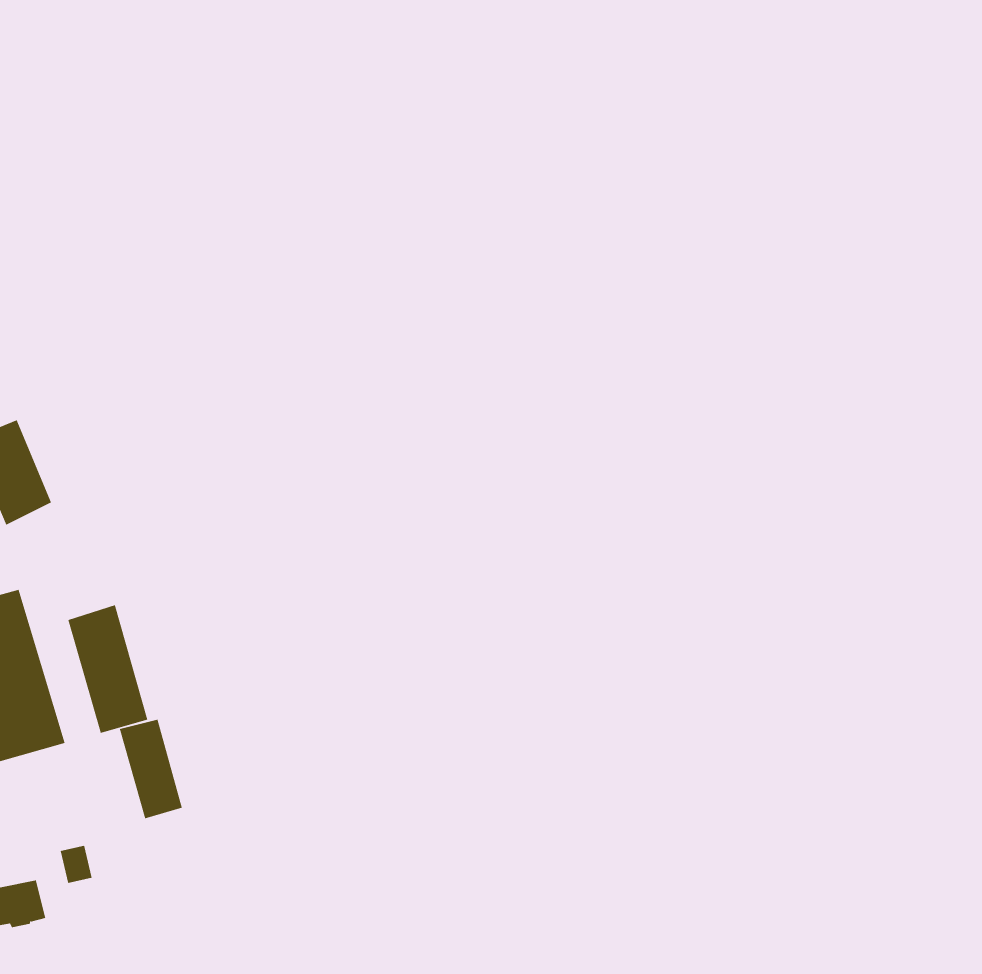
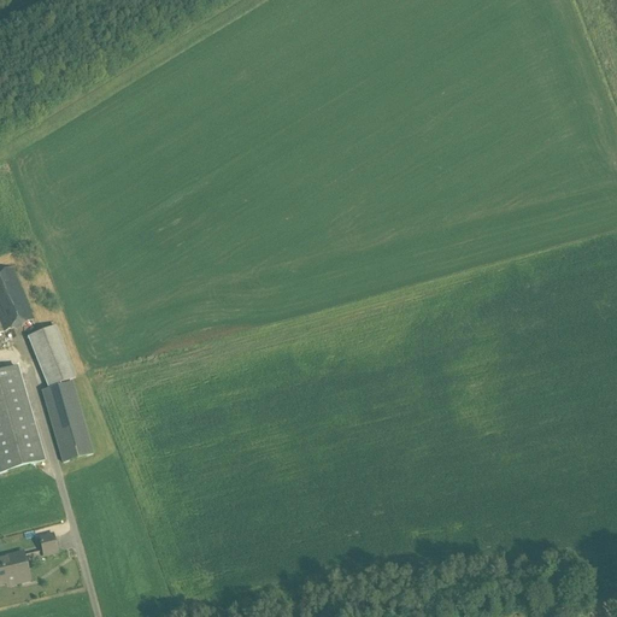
building: none -> [28,322,76,384]
building: [119,719,183,819] -> none

